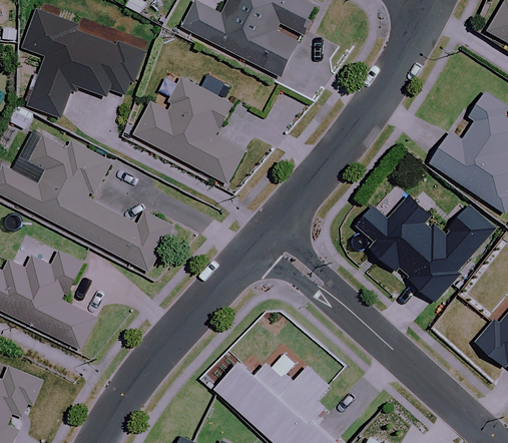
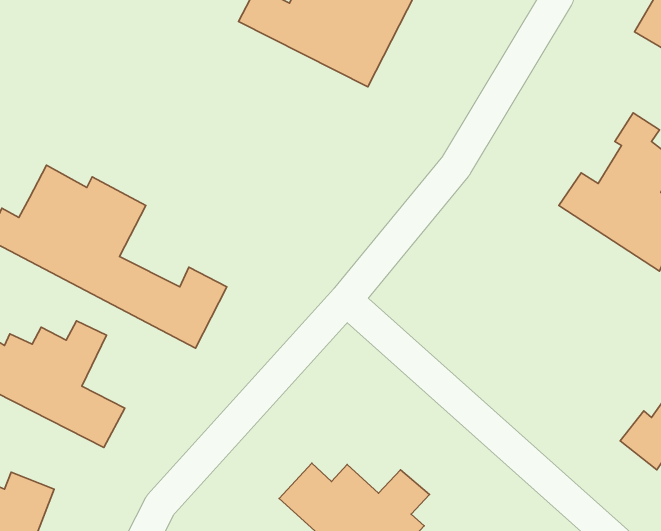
building: [22,11,143,118] -> none
building: [134,79,243,183] -> none
building: [356,196,492,303] -> none

